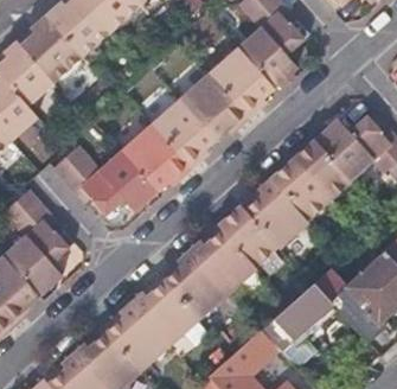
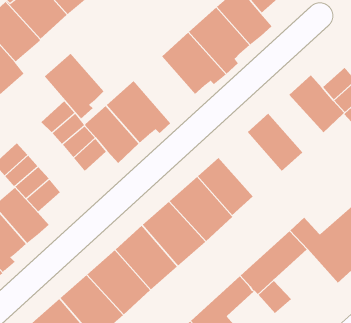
building: [152,100,216,170] -> [44,53,105,119]
building: [293,140,351,200] -> none
building: [241,179,308,248] -> none

